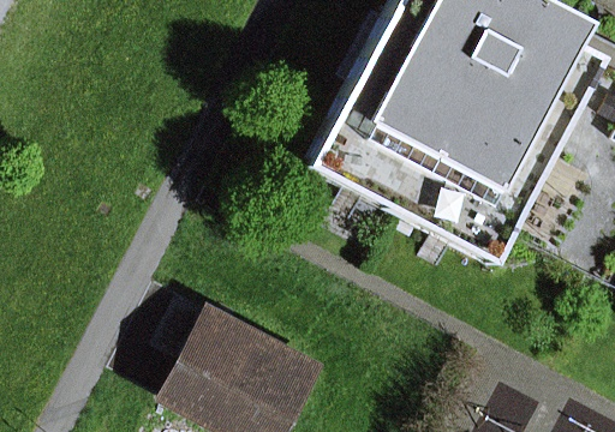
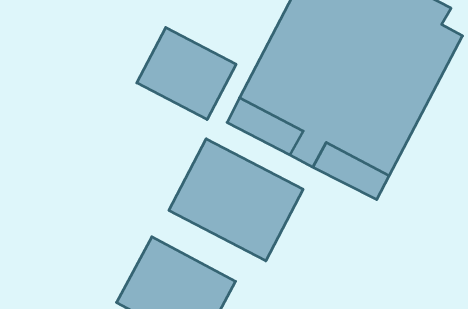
building: none -> [137,27,236,120]
building: none -> [169,139,303,261]

